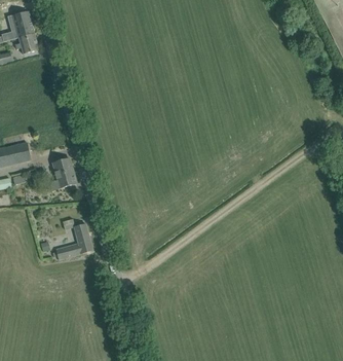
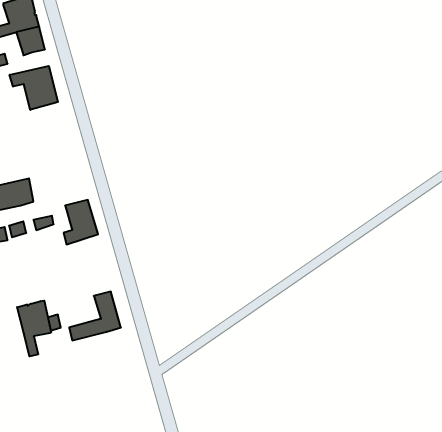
building: none -> [10,66,58,110]
building: none -> [17,301,51,356]

